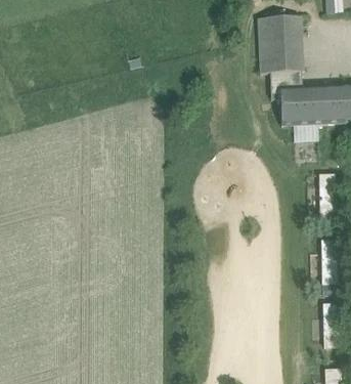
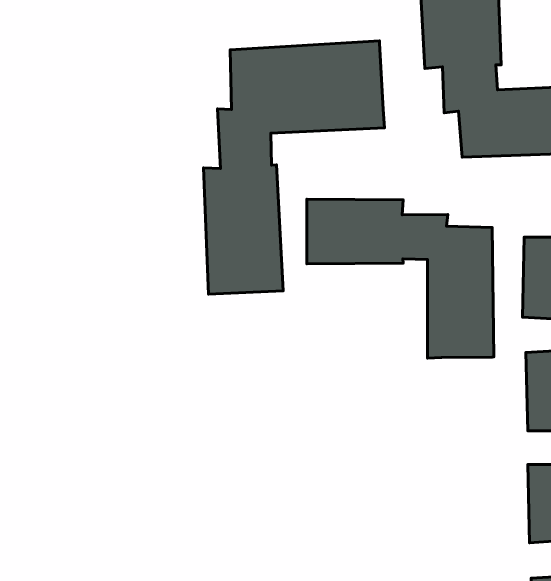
building: none -> [204,41,385,294]
building: none -> [307,199,494,358]

